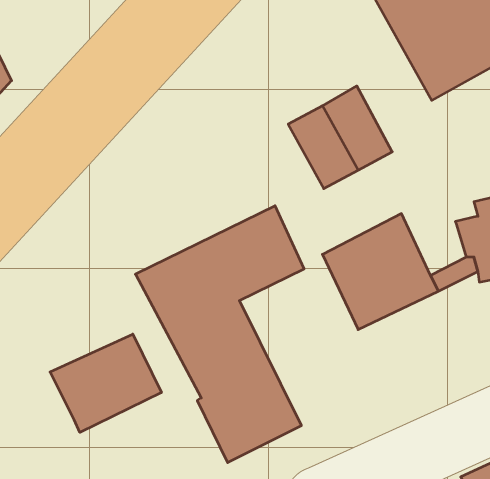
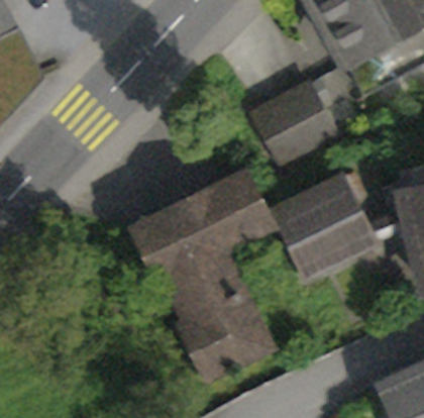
building: [50,334,161,432] -> none

